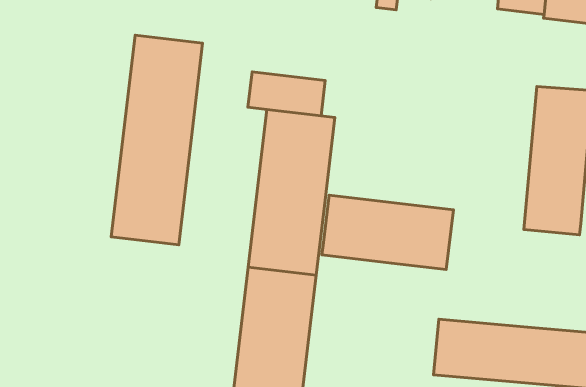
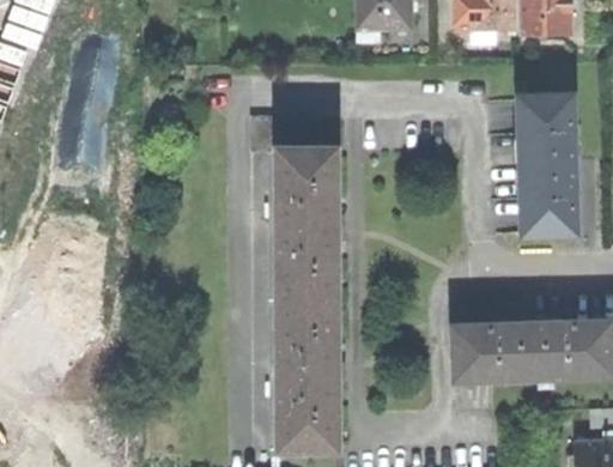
building: [111,35,203,245] -> none
building: [322,195,453,269] -> none

